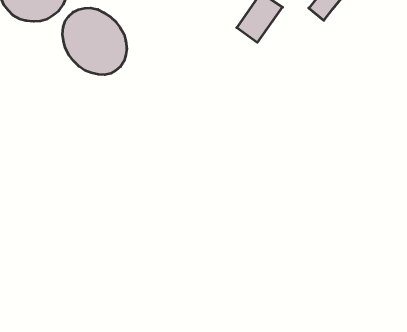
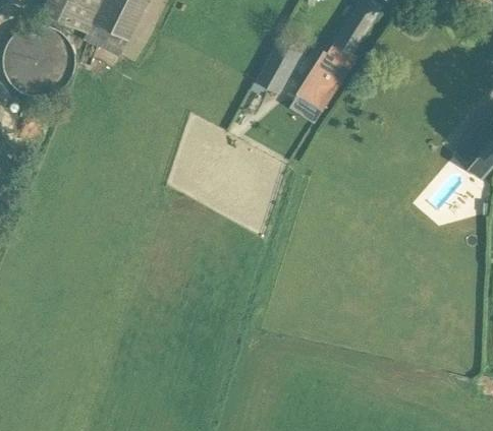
building: none -> [296,53,347,111]
building: [62,8,127,75] -> none

